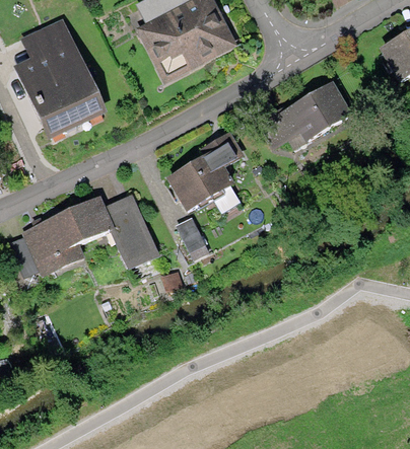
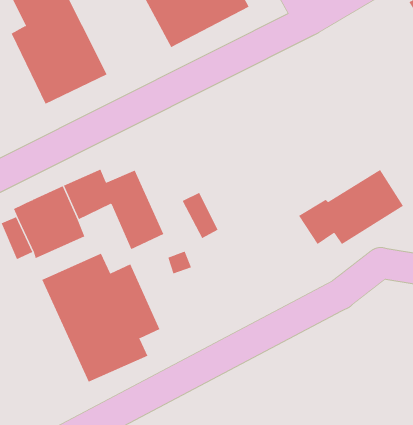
building: [257,79,353,148] -> [298,169,404,245]
building: [165,130,244,212] -> none
building: none -> [41,253,160,383]

